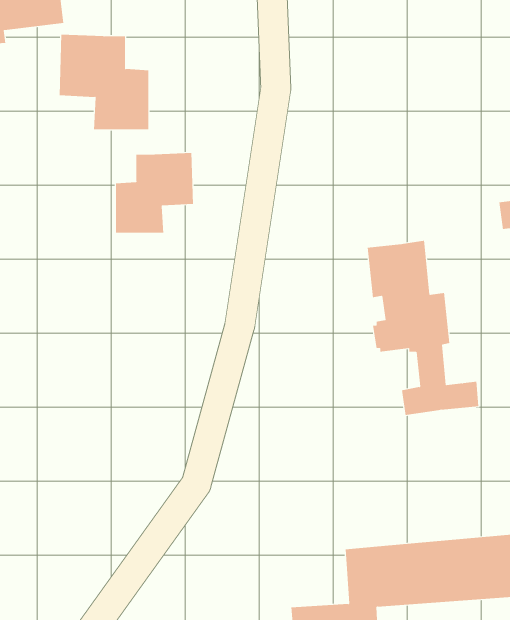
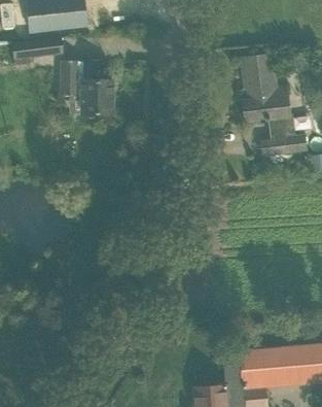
building: [116,152,193,234] -> none
building: [367,240,479,415] -> [242,57,306,157]

